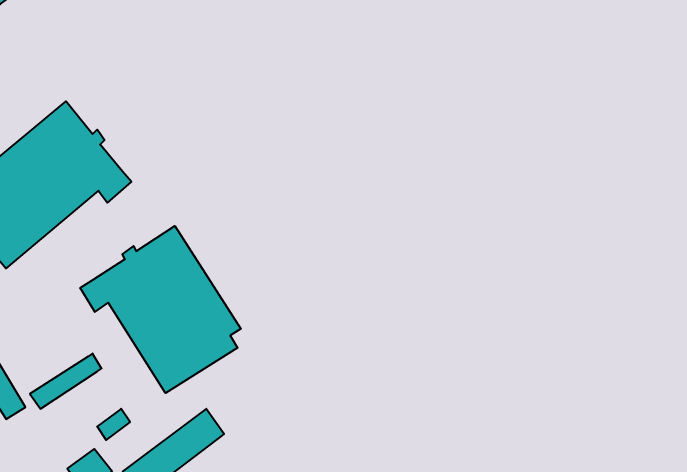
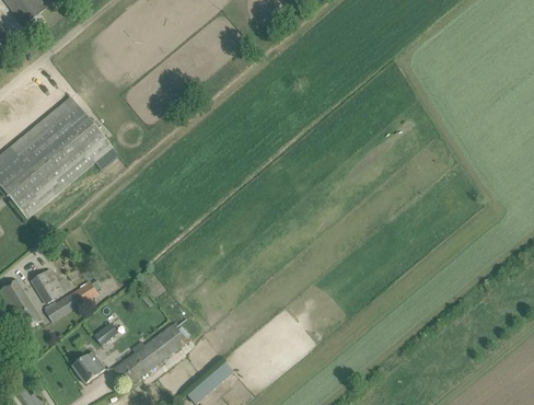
building: [80,226,241,393] -> none
building: none -> [31,268,66,304]

